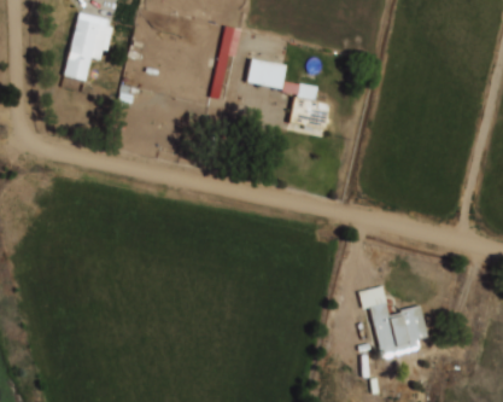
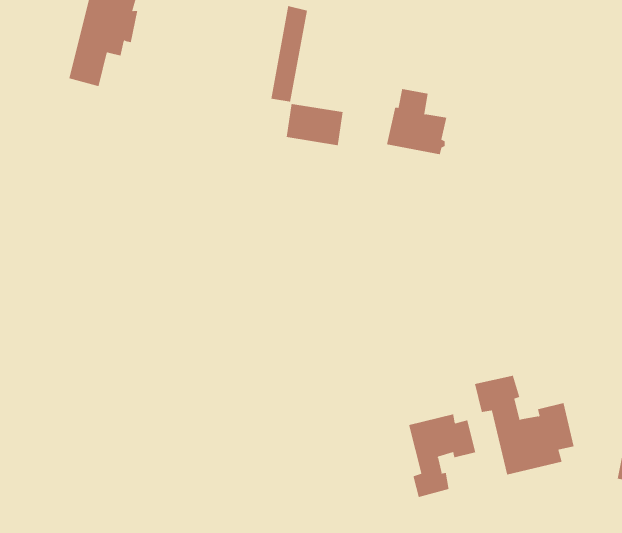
building: [242,58,283,88] -> [286,103,344,146]
building: none -> [409,414,476,498]

